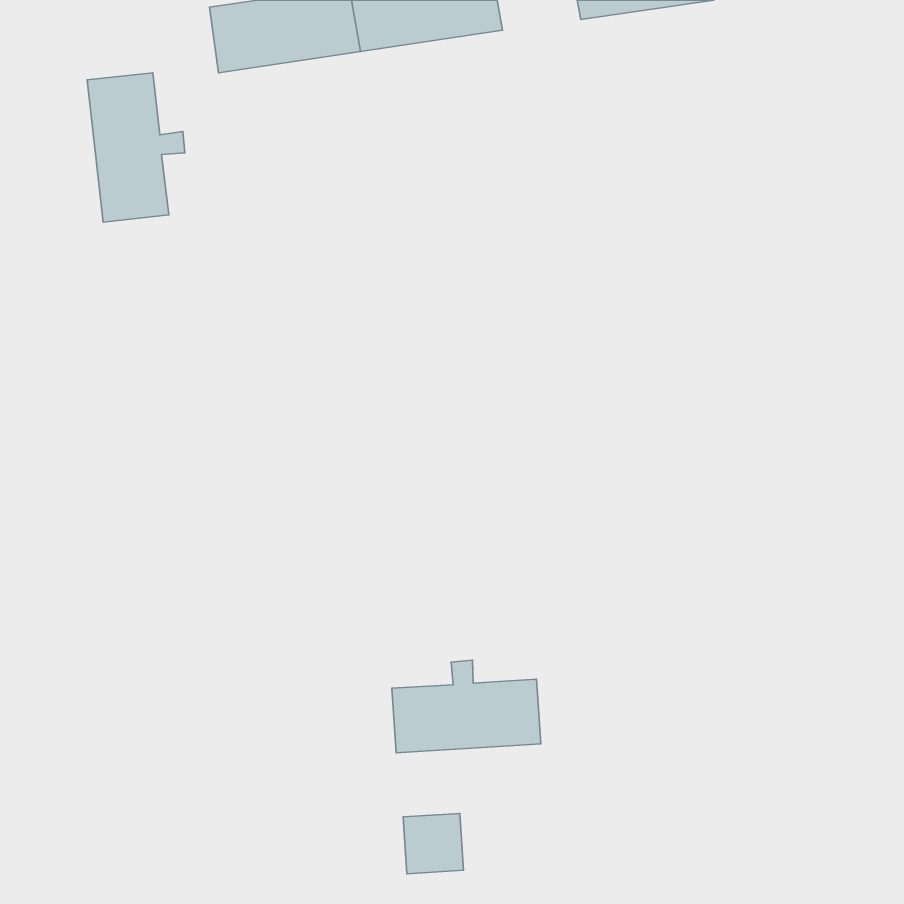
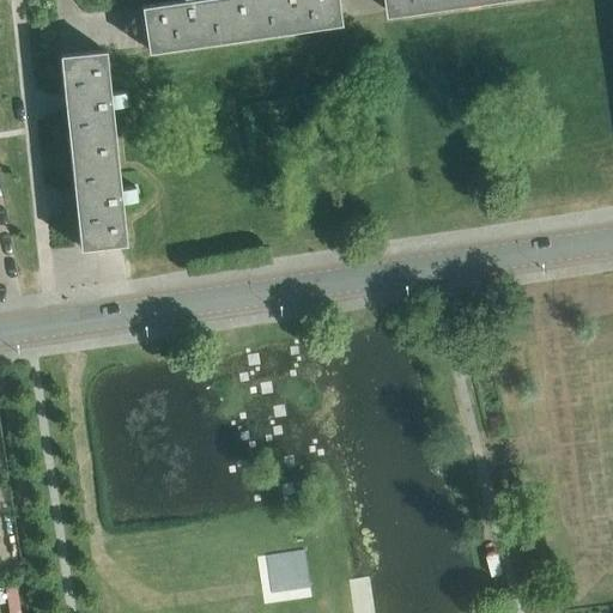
building: none -> [72,147,138,248]
building: [392,660,541,753] -> none

